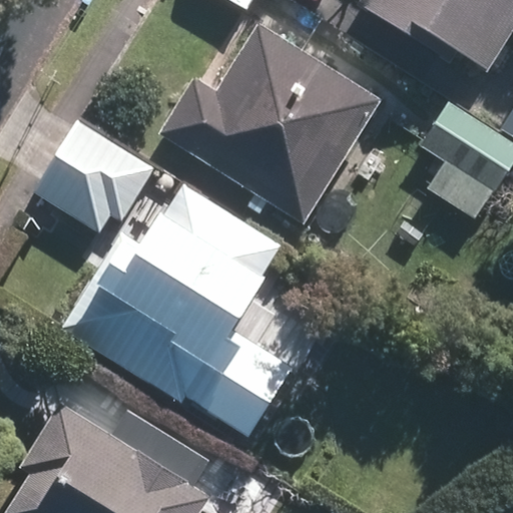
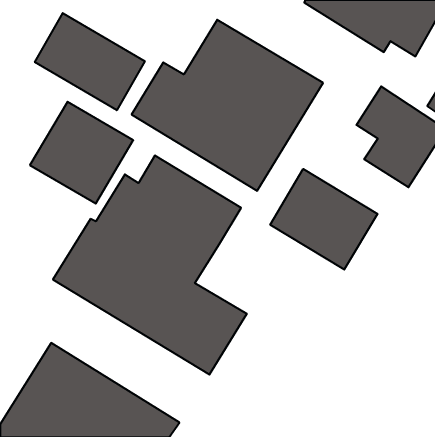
building: none -> [35,13,145,110]
building: none -> [270,169,377,270]

